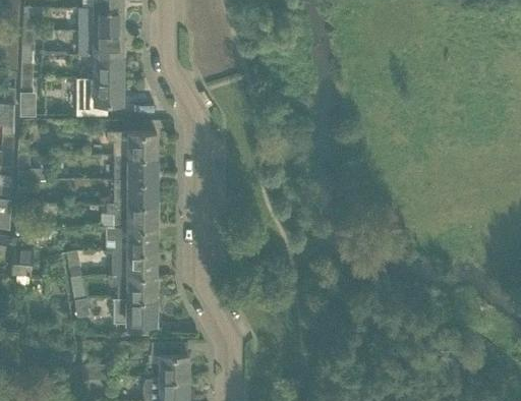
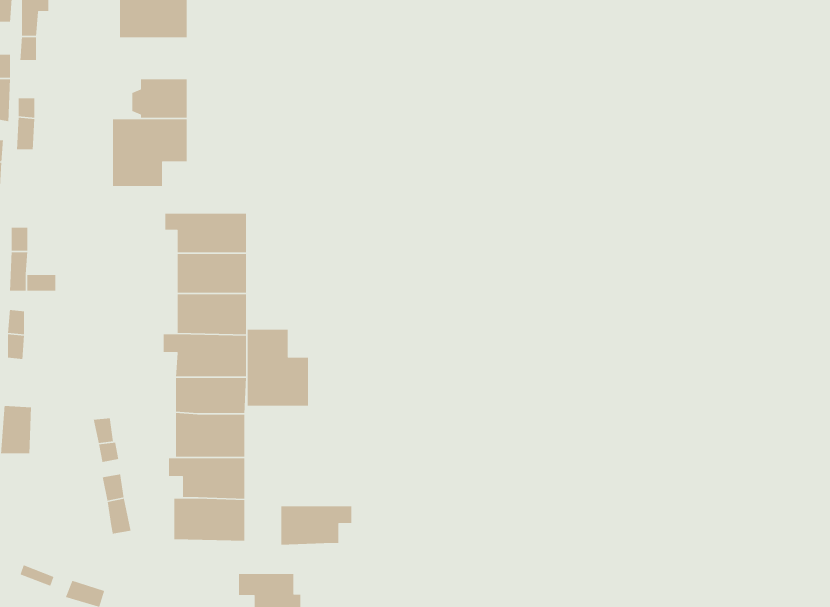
building: [82,33,122,56] -> none
building: none -> [247,329,309,407]
building: none -> [281,506,352,545]

